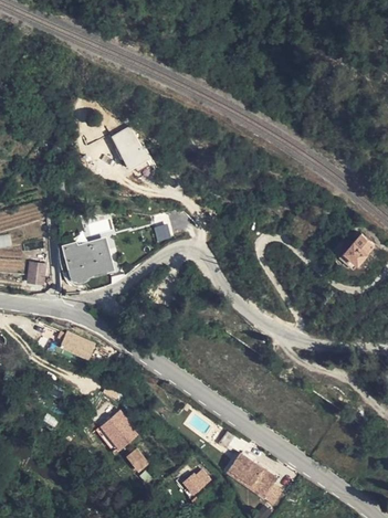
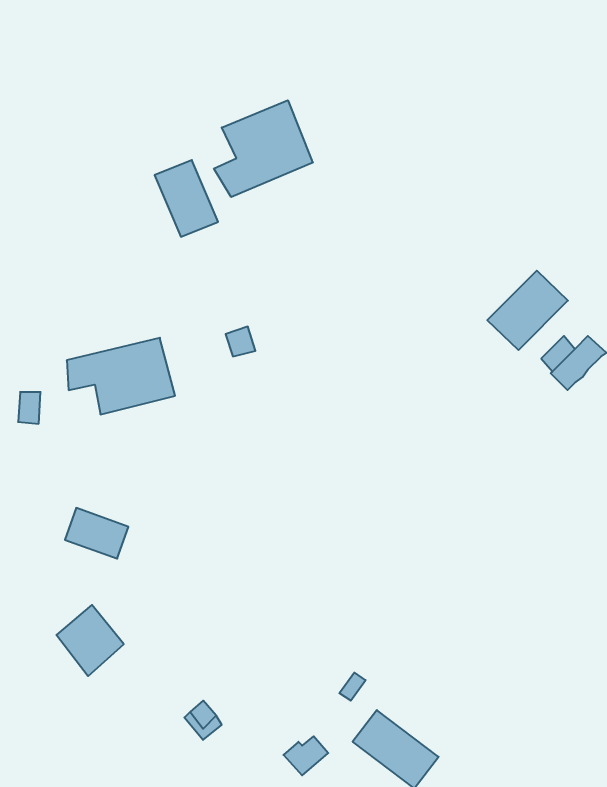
building: none -> [214,100,313,197]
building: none -> [487,271,568,350]
building: [97,412,137,454] -> [56,605,124,676]

